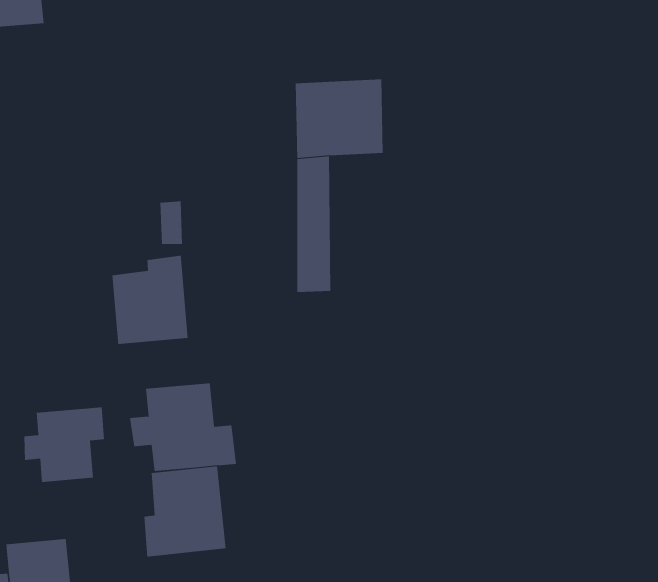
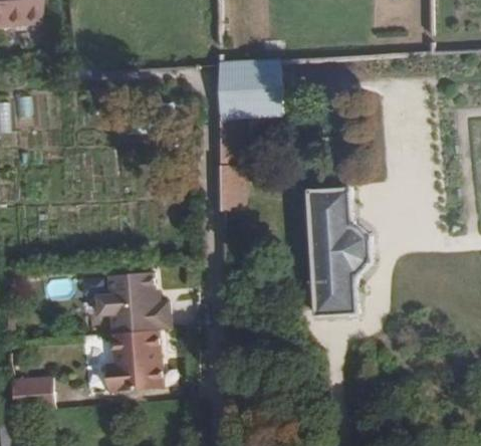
building: [112,255,188,345] -> none
building: none -> [306,188,373,314]
building: [24,406,105,483] -> none

